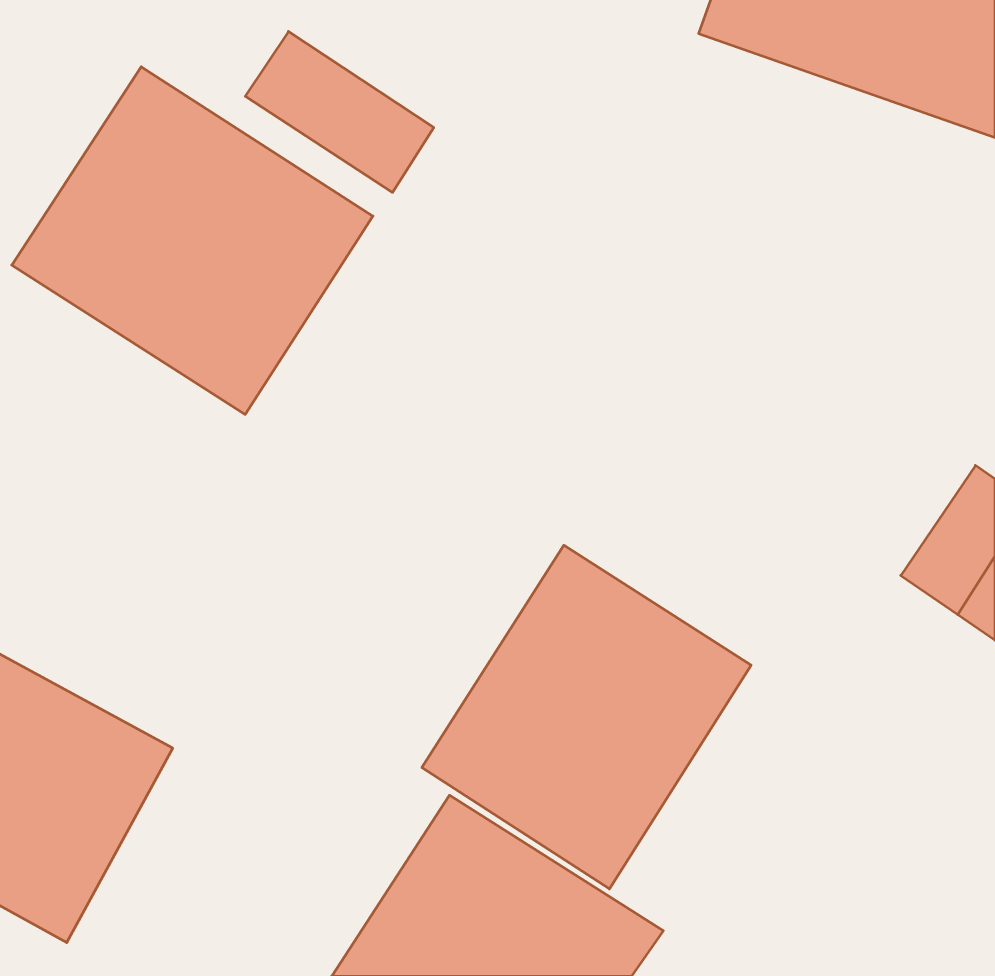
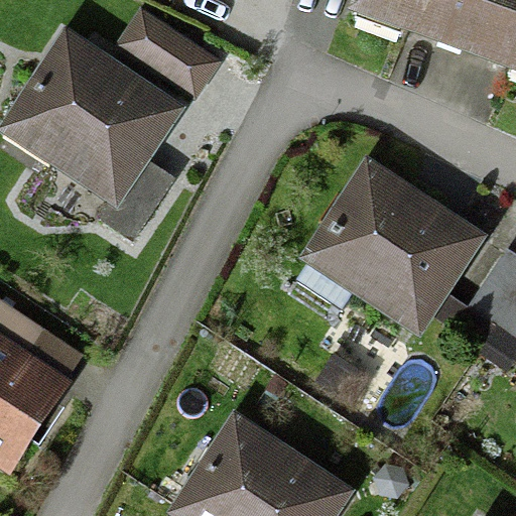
building: none -> [301,156,480,330]
building: [422,545,751,889] -> none

